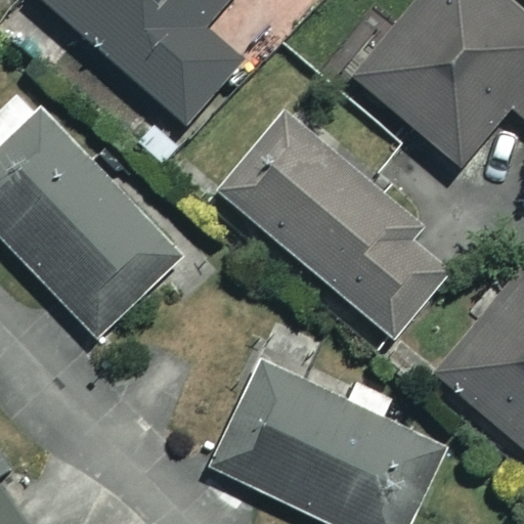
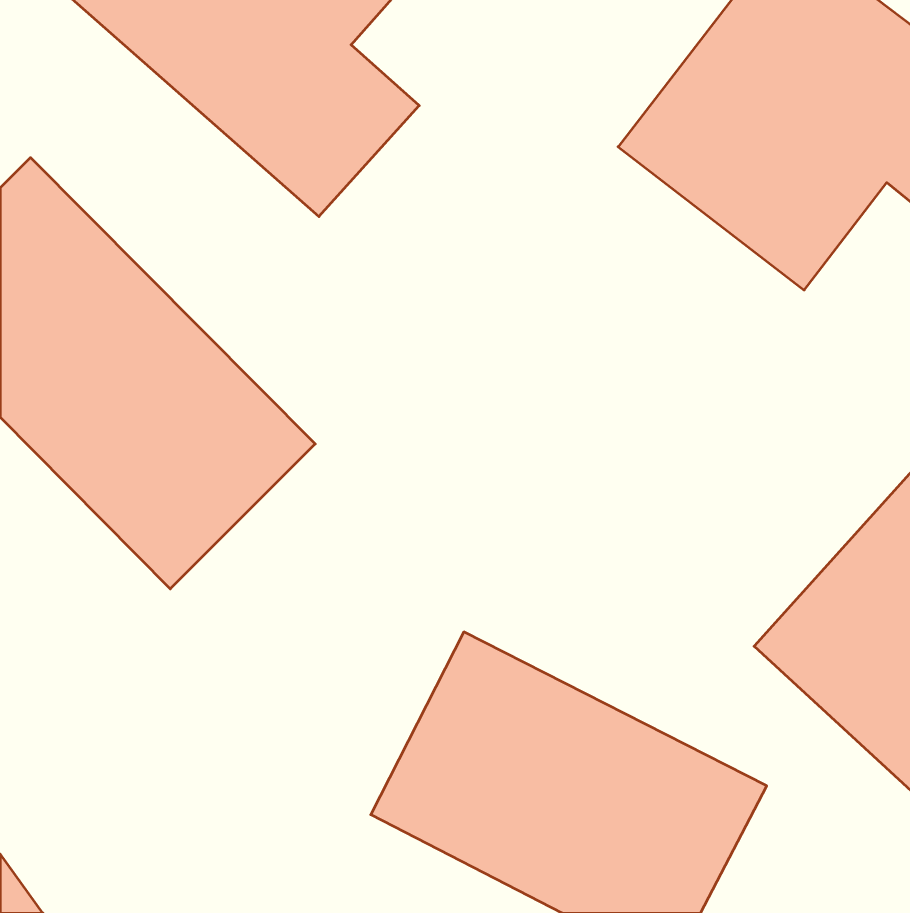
building: [225,122,456,334] -> none

